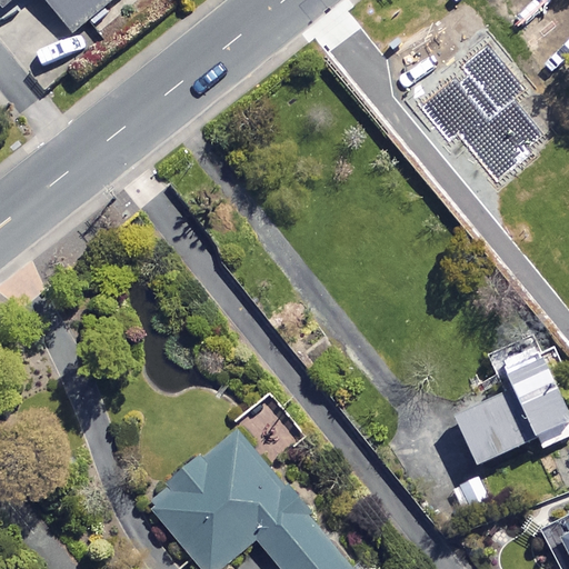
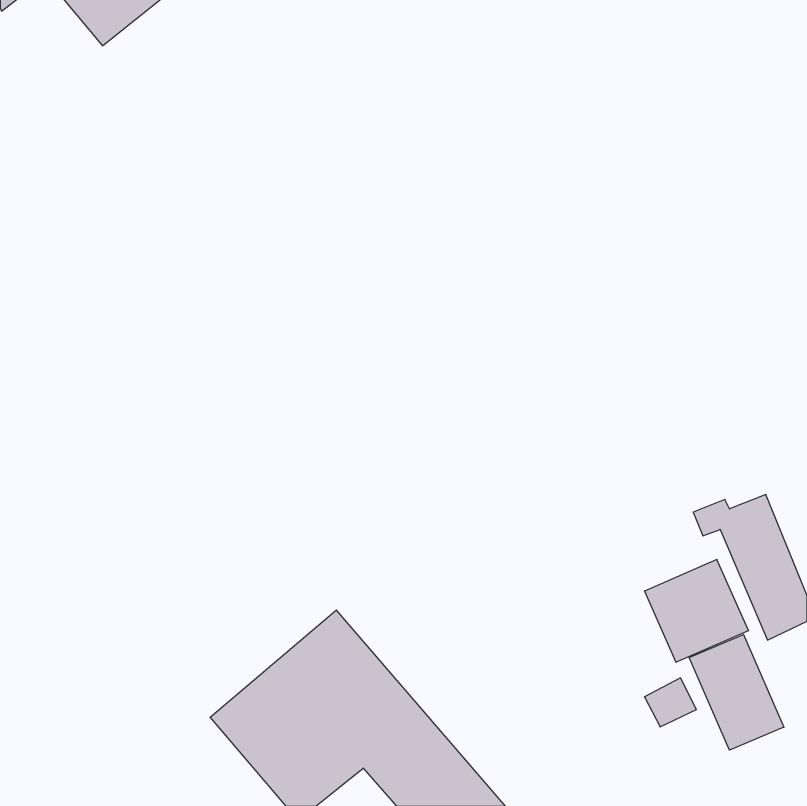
building: none -> [689,635,784,750]

